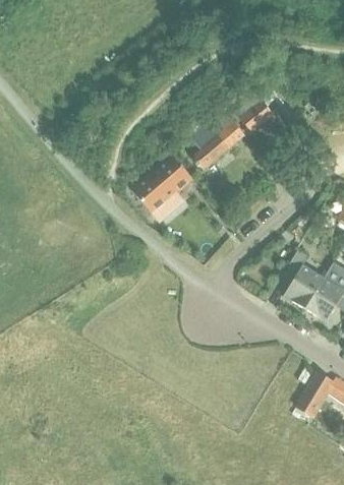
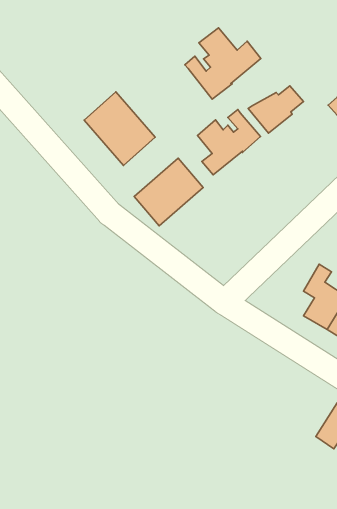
building: none -> [185,28,261,99]
building: none -> [84,92,155,166]

